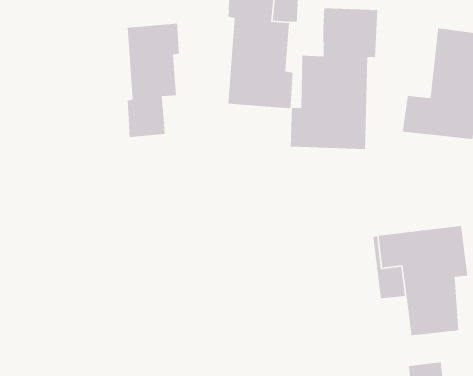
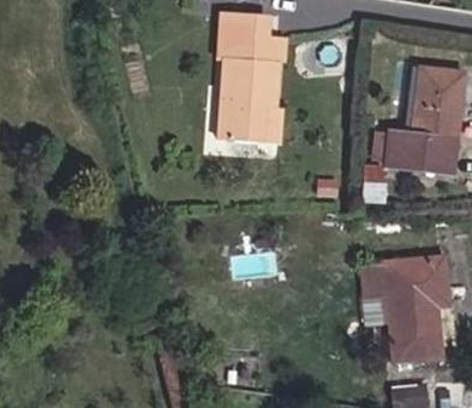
building: [290,8,378,150] -> none
building: [127,23,180,138] -> none

